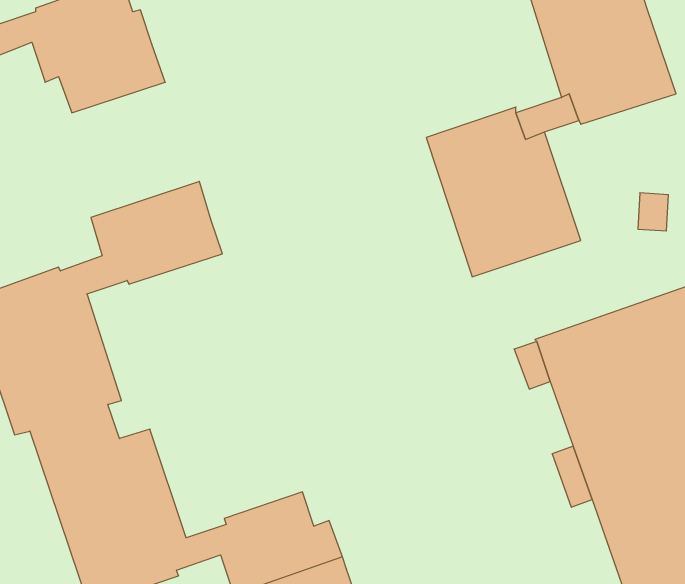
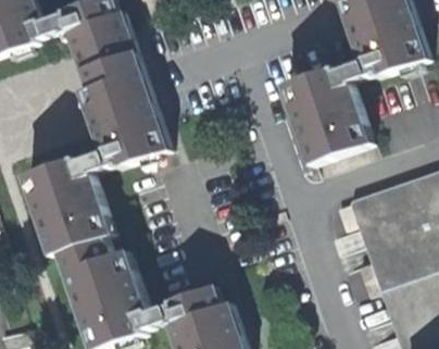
building: none -> [80,51,155,128]

